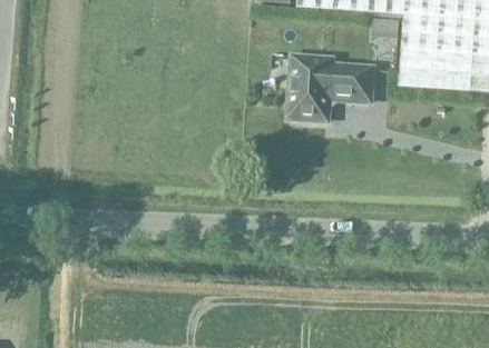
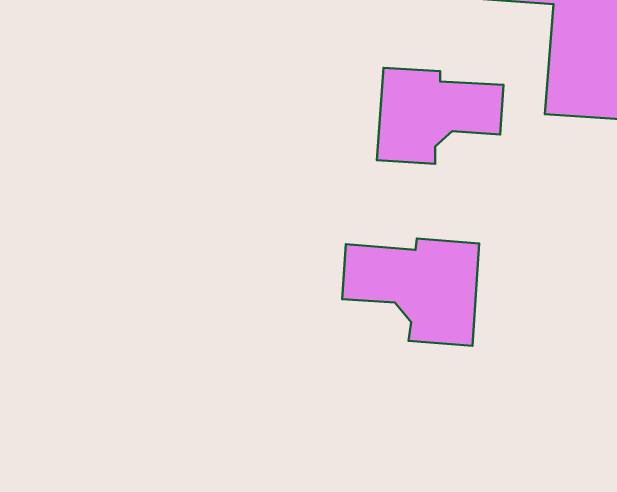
building: none -> [342,239,479,346]

